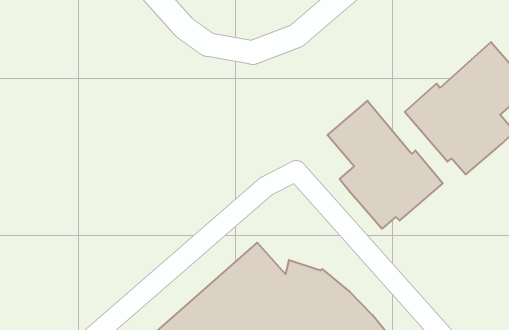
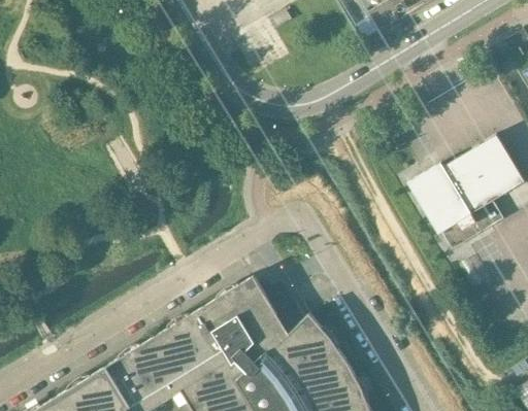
building: [327,101,443,229] -> none

